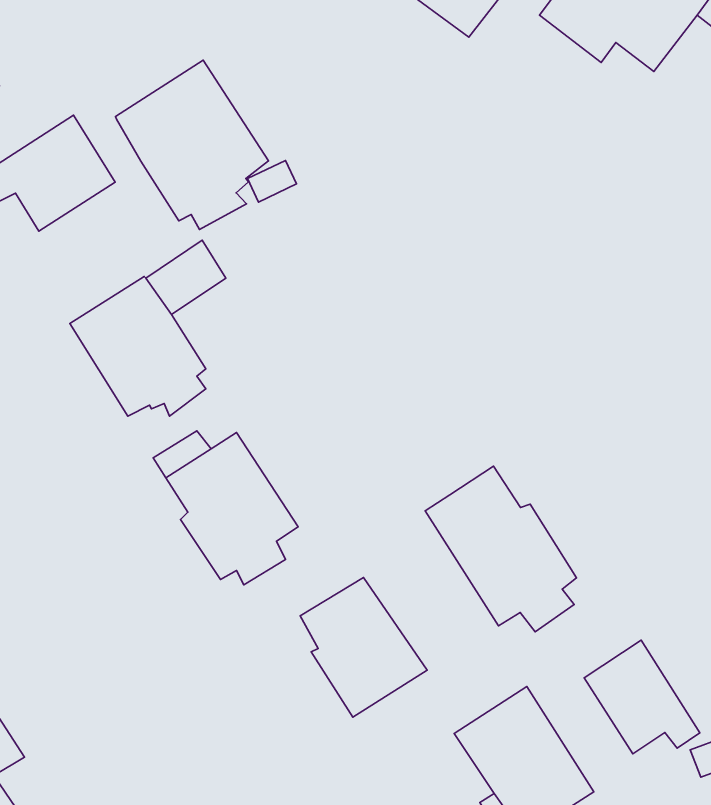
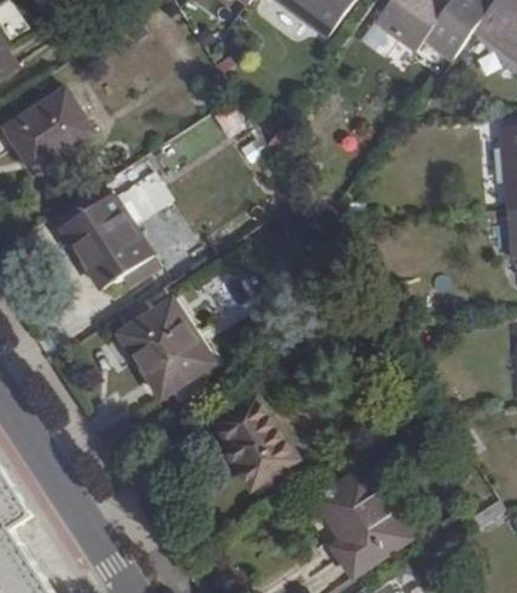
building: [116,60,268,229] -> none
building: [425,466,577,632] -> none
building: [584,640,700,754] -> none

